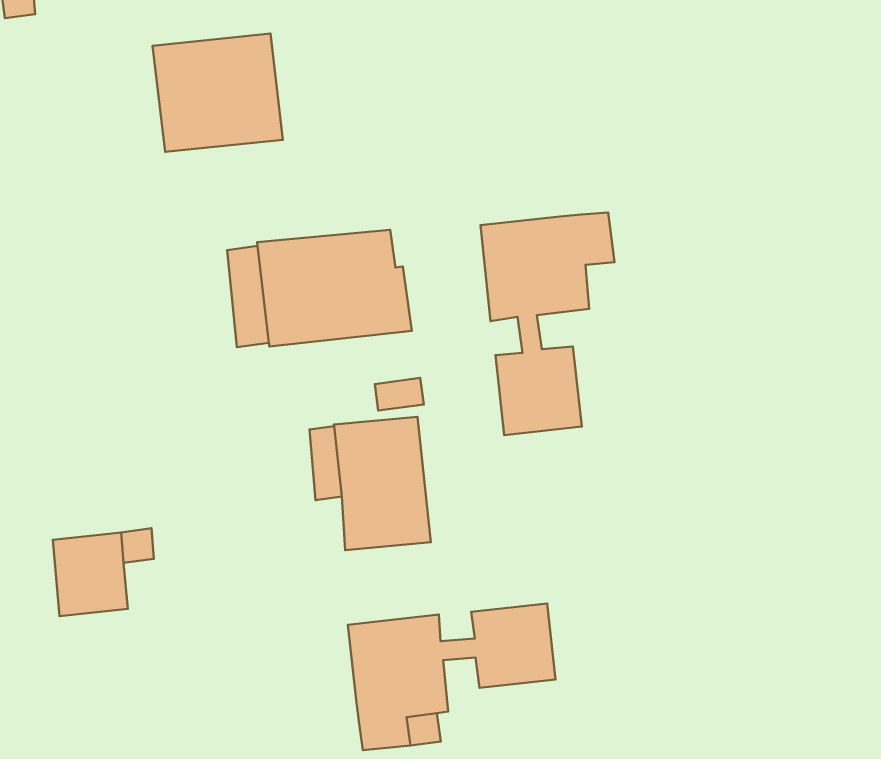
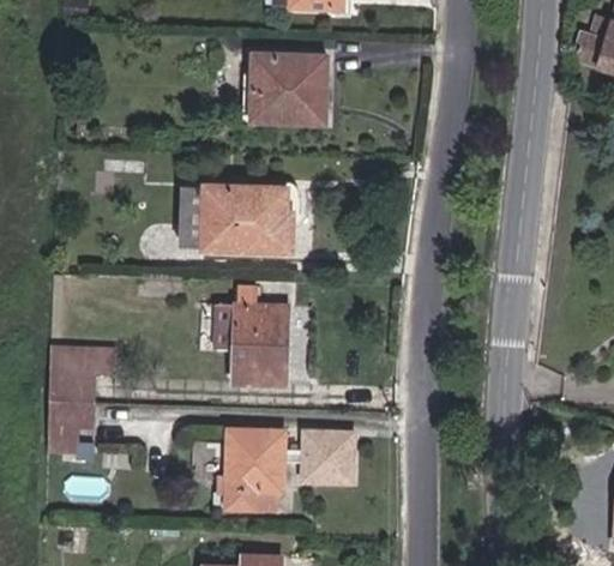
building: [153,33,283,152] -> [252,53,327,122]
building: [480,212,615,435] -> none
building: none -> [48,399,92,451]

